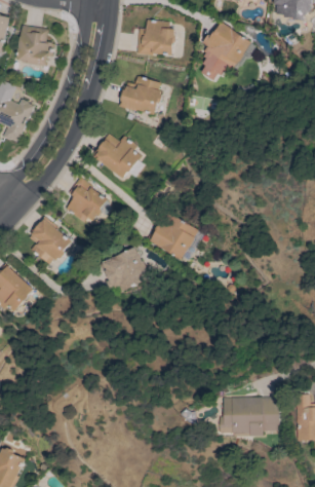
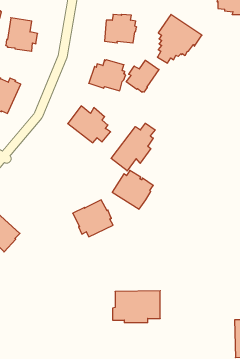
building: none -> [126,60,159,92]
building: none -> [111,123,155,171]
building: [66,177,111,222] -> none
building: [29,216,72,264] -> none
building: [221,397,279,436] -> [113,291,160,323]

